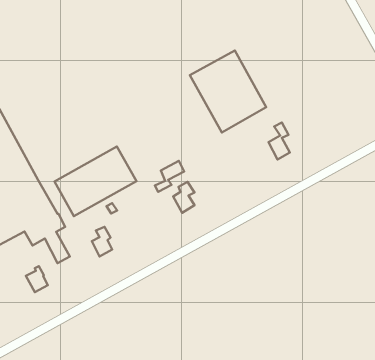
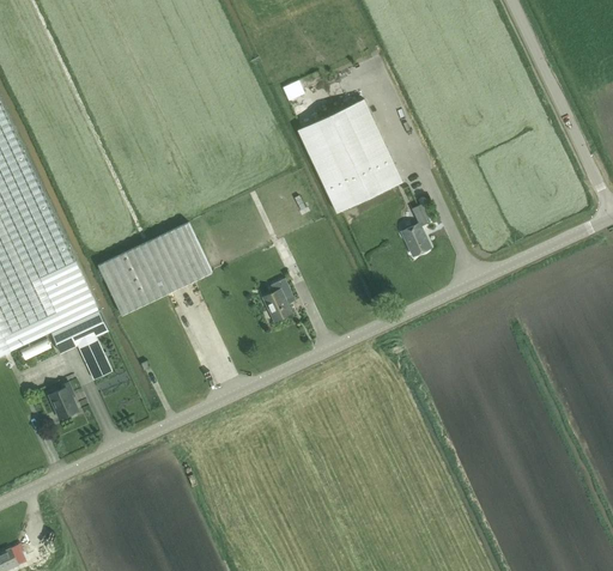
building: [155,161,184,192] -> none
building: [92,227,112,257] -> none

